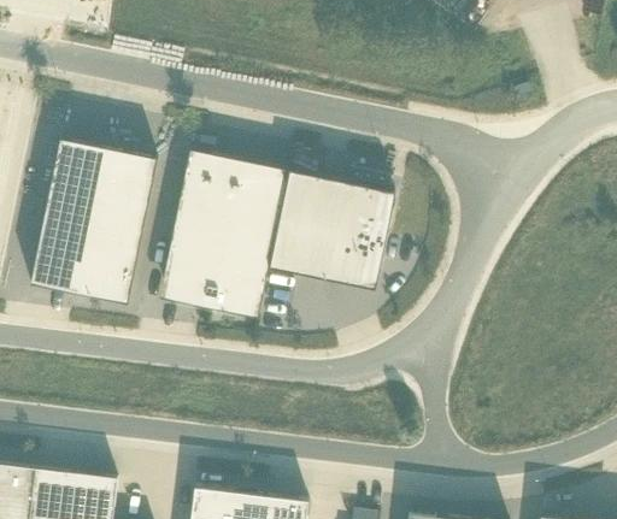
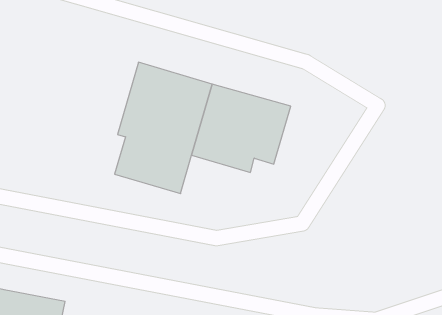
building: [30,138,158,305] -> none

